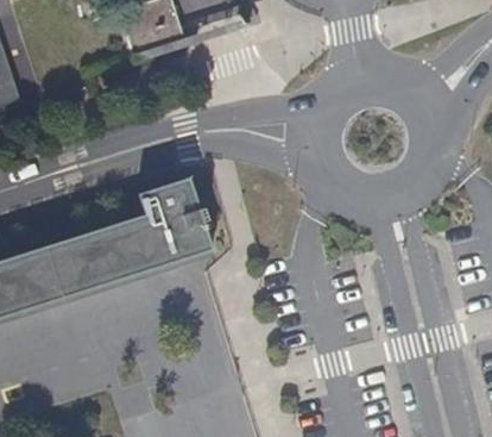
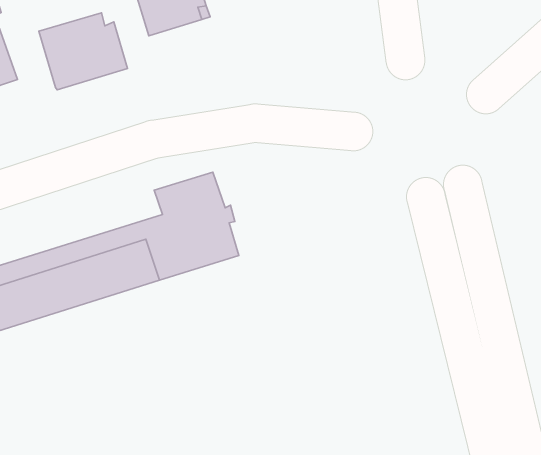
building: none -> [39,13,128,90]

